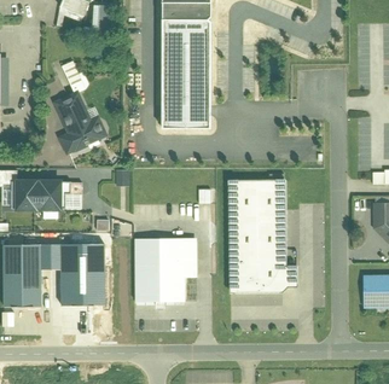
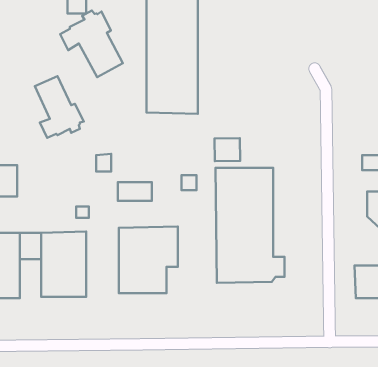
building: none -> [60,10,123,77]
building: none -> [215,138,240,161]
building: [37,179,62,209] -> none
building: none -> [118,182,152,201]

